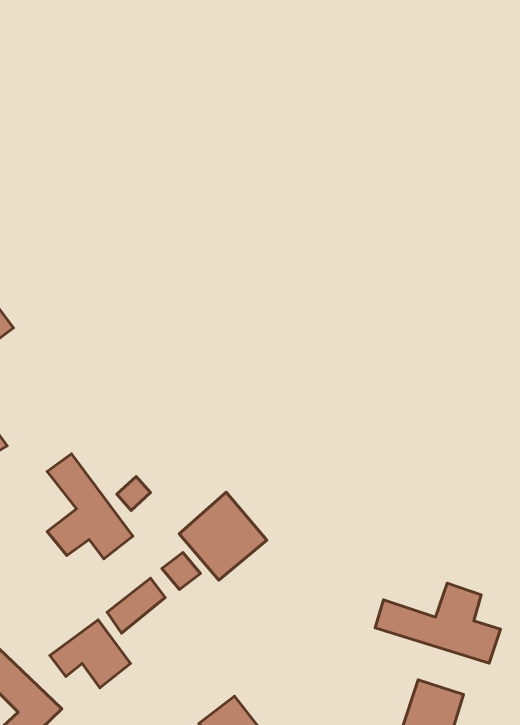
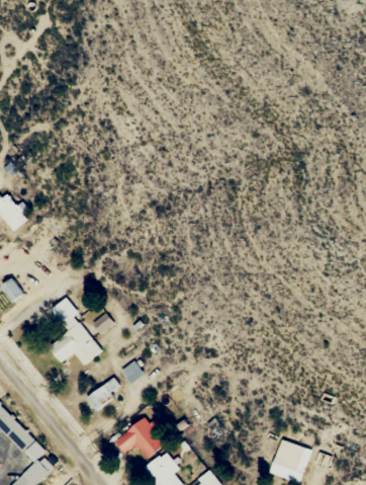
building: [179,492,267,580] -> none
building: [375,583,501,663] -> none
building: [50,620,131,688] -> [113,417,164,460]

